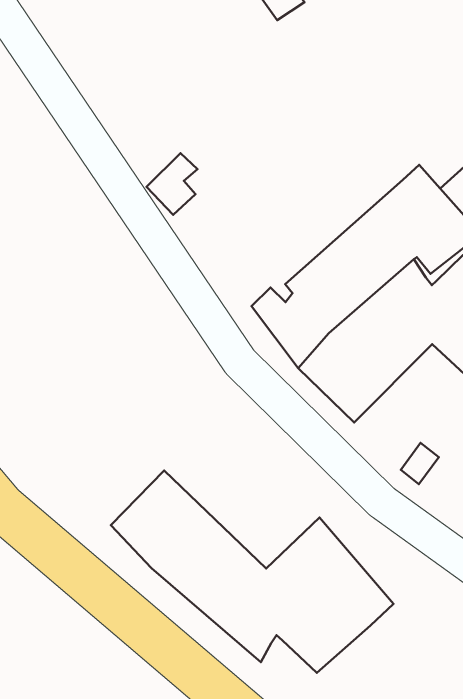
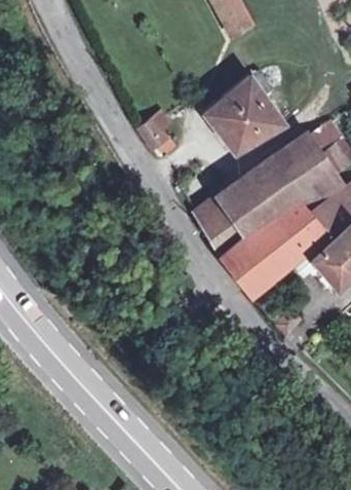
building: none -> [205,77,283,152]
building: [111,471,394,673] -> none

